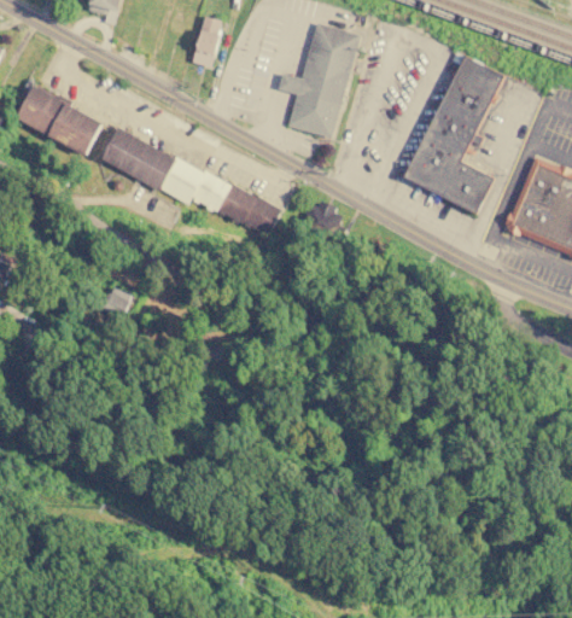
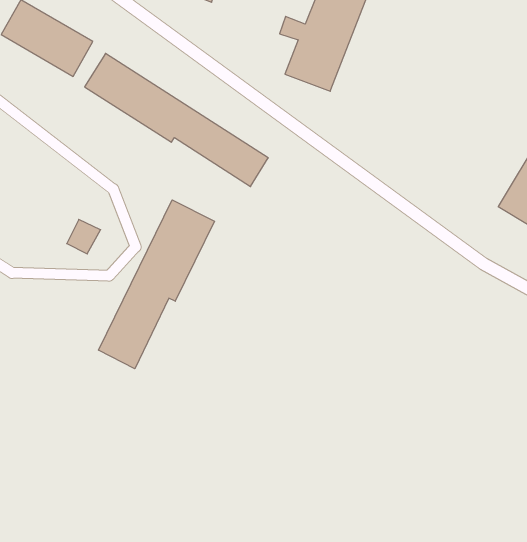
building: [404,54,502,212] -> none
building: [304,200,344,240] -> none
building: none -> [99,200,215,369]

